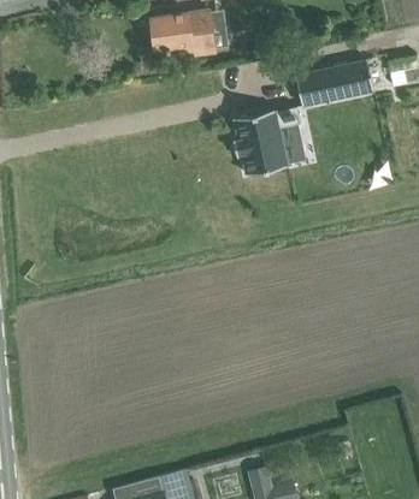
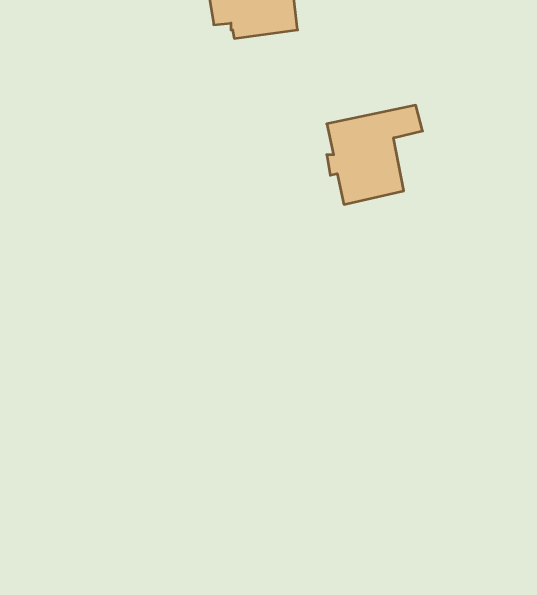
building: [296,59,374,106] -> none

